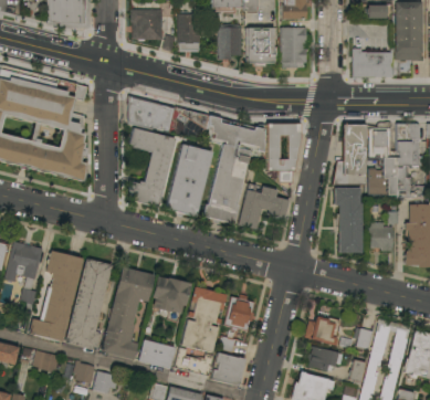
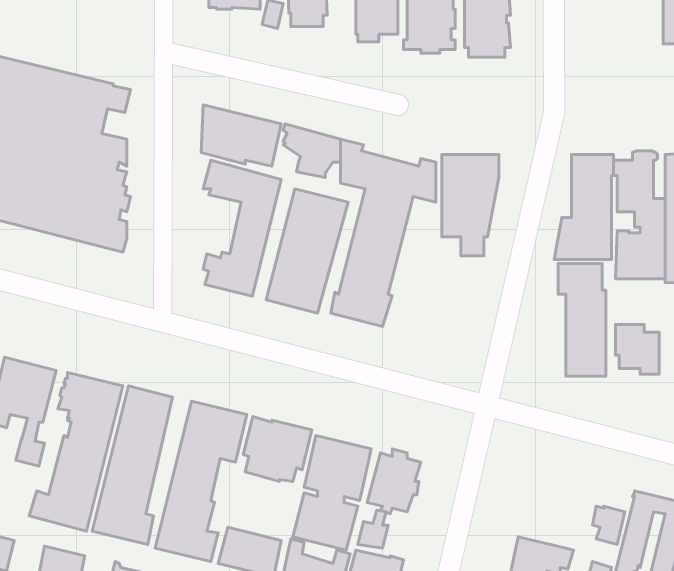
building: [353,48,394,76] -> none
building: [239,183,290,229] -> none
building: [305,316,340,345] -> none

